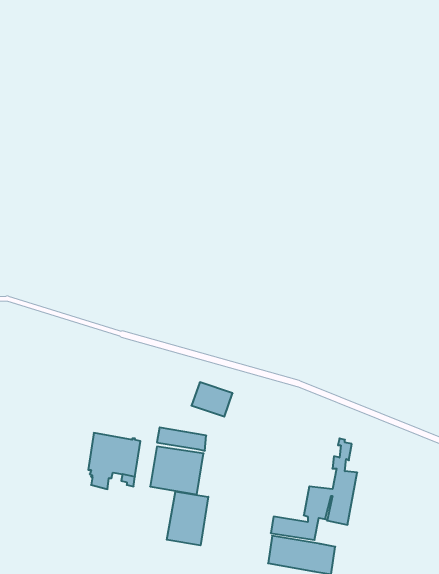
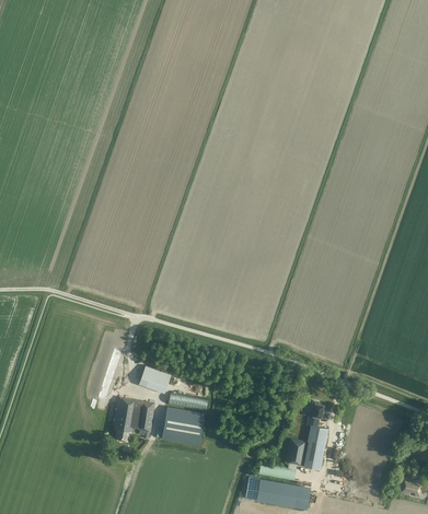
building: [191,382,233,417] -> [138,366,171,394]
building: [167,492,208,545] -> none

